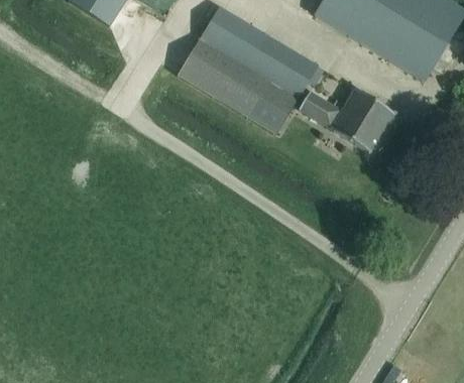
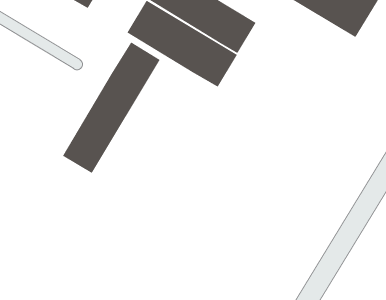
building: none -> [62,42,161,174]
building: [299,88,393,151] -> none

